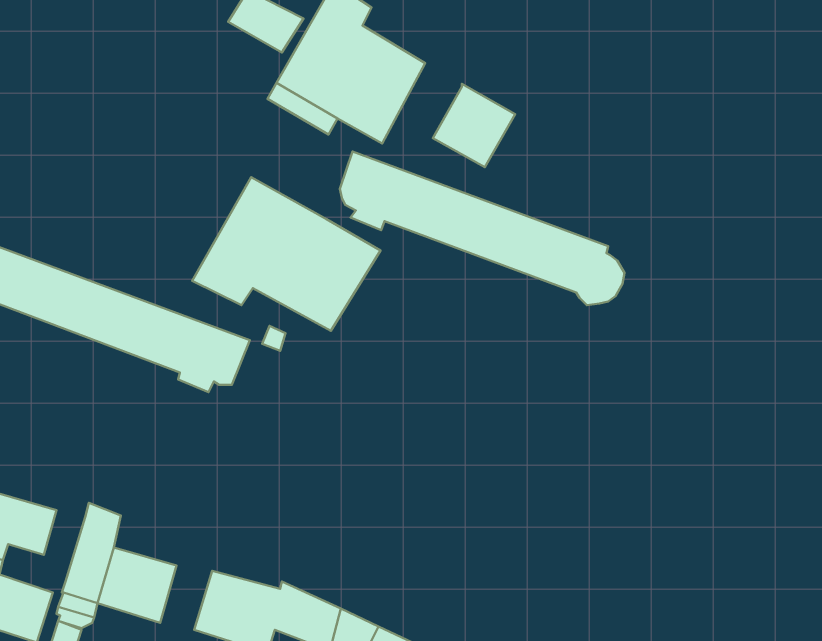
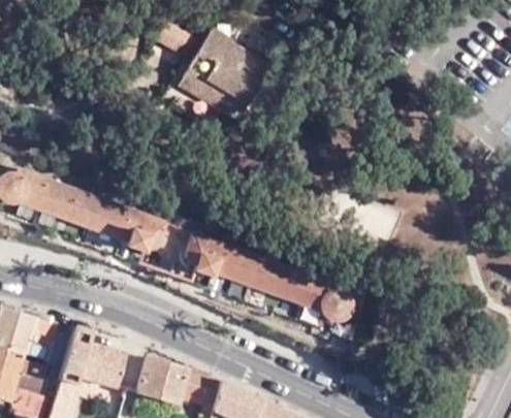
building: [433,84,515,167] -> none
building: [340,151,624,305] -> [186,232,350,321]
building: [192,177,381,331] -> none

